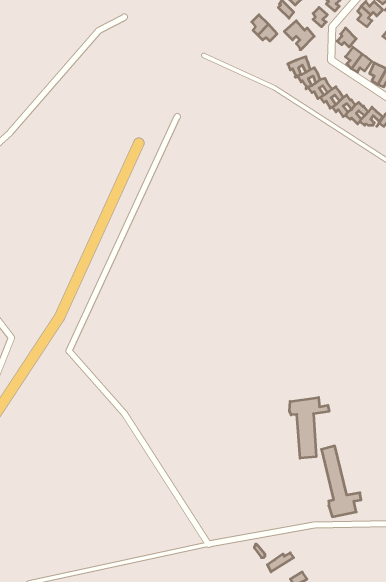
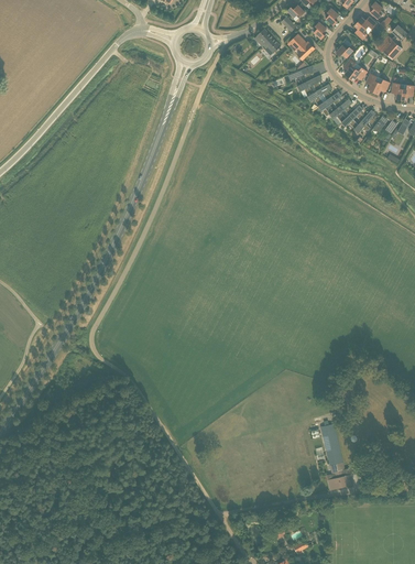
building: [290,397,329,458] -> none

